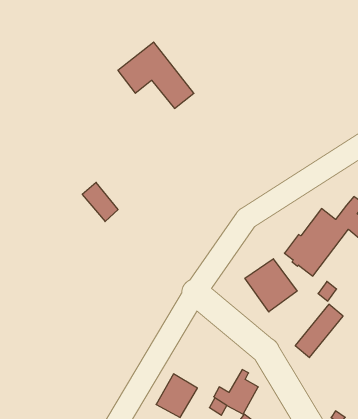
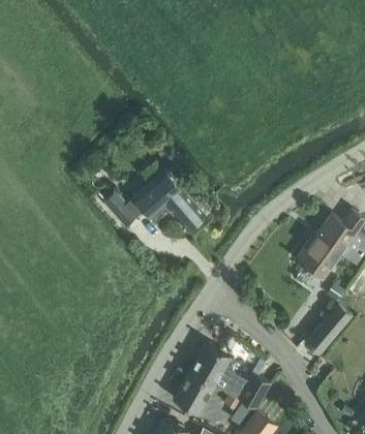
building: [118,42,194,108] -> [132,171,205,234]
building: [245,259,297,312] -> none
building: none -> [189,345,238,395]

